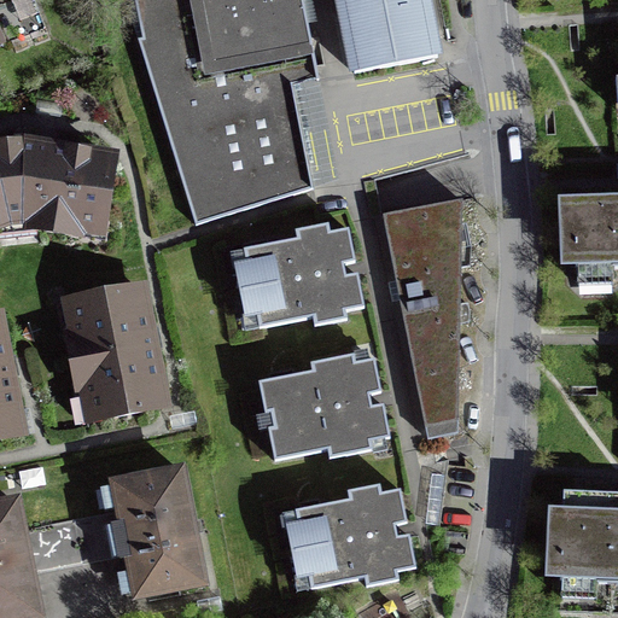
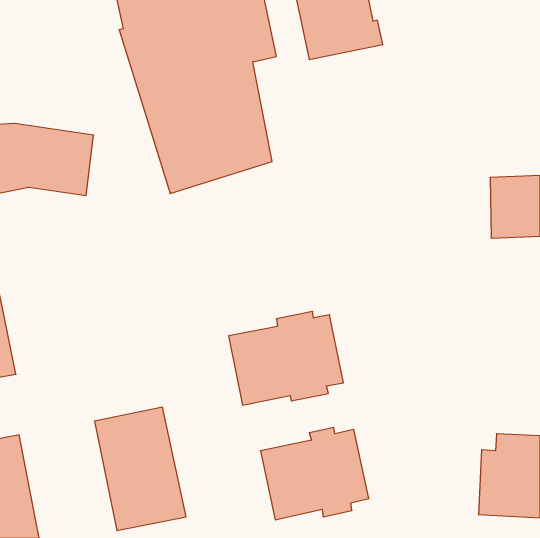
building: [380,199,461,422] -> none
building: [245,220,363,325] -> none
building: [60,281,162,414] -> none

